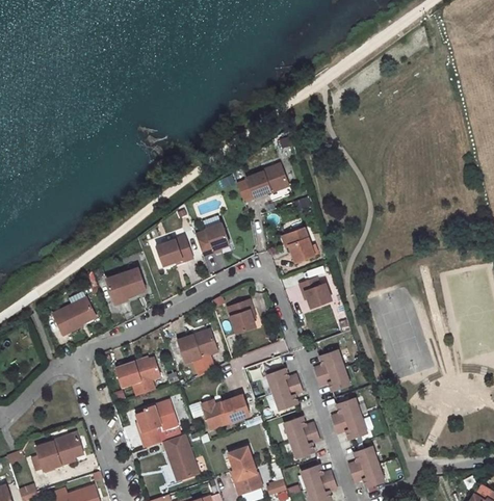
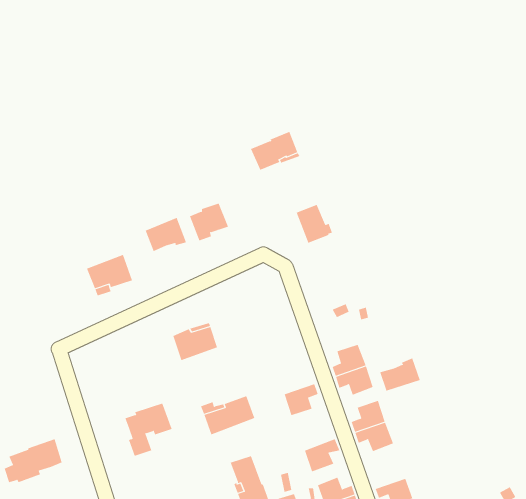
building: [297,276,331,307] -> none
building: [49,299,90,335] -> none
building: [227,299,255,333] -> none
building: [114,359,159,395] -> none
building: none -> [380,358,421,392]
building: [267,368,301,393] -> none
building: [284,417,318,442] -> none
building: [162,433,198,479] -> none
building: [349,446,380,475] -> none

